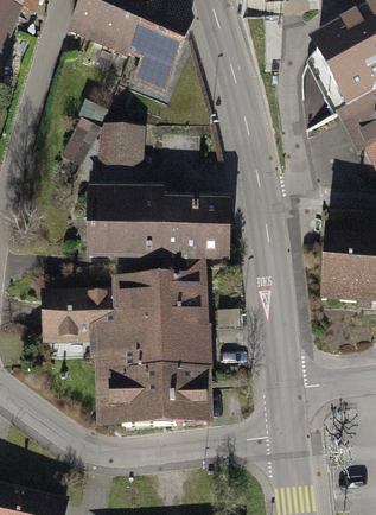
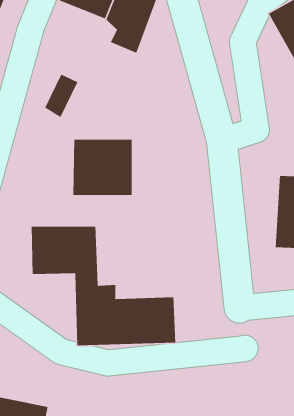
building: [98,122,142,165] -> none
building: [159,201,227,255] -> none
building: [117,265,206,371] -> none

